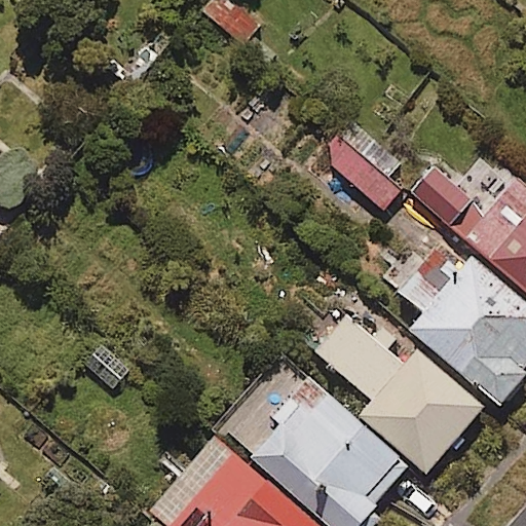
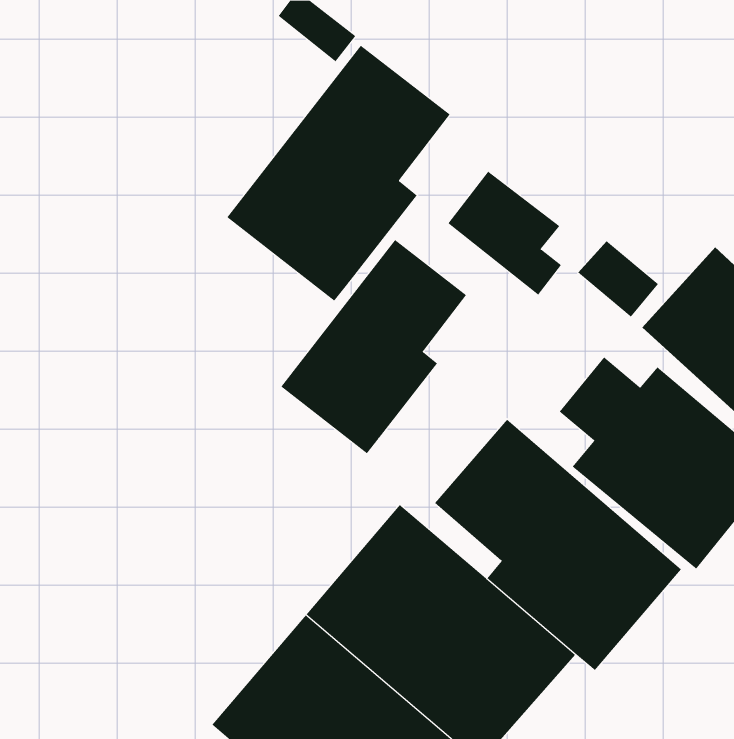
building: none -> [227,45,450,301]
building: none -> [281,239,467,454]

